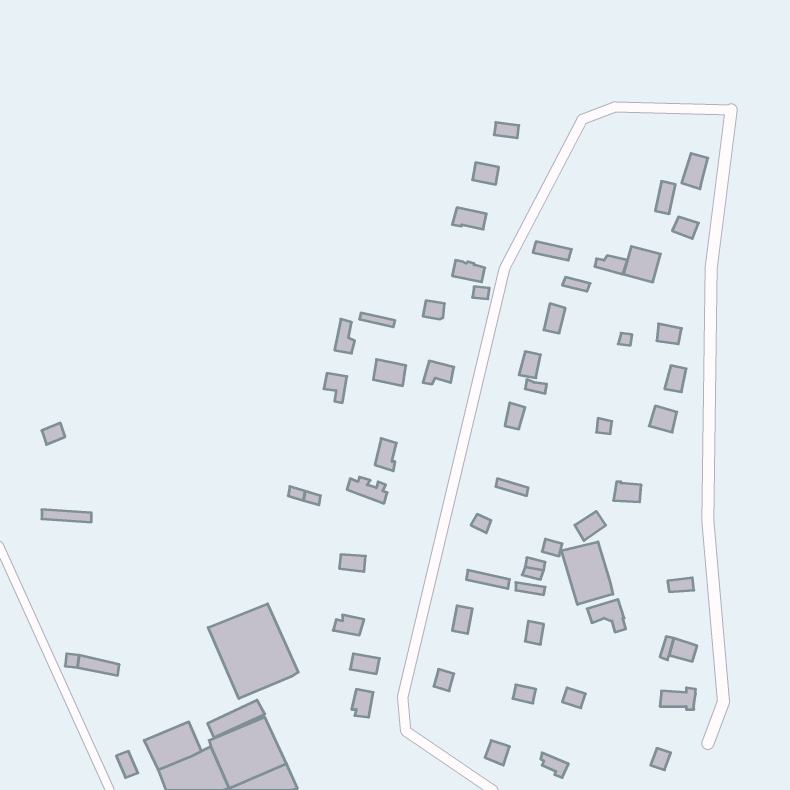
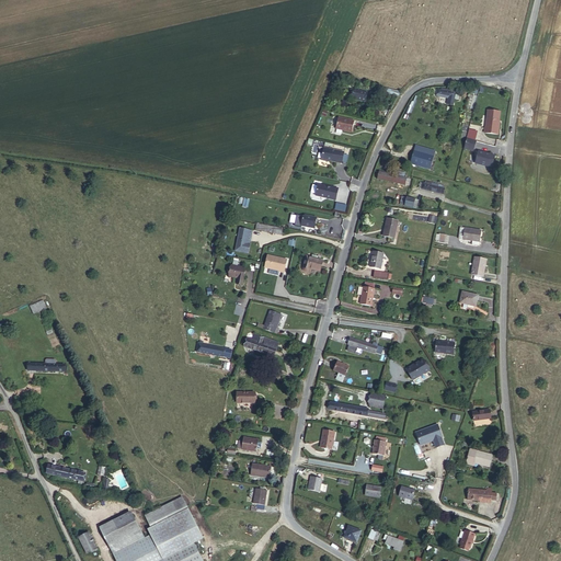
building: [623,246,661,282] -> [409,145,435,170]
building: [561,542,613,605] -> none
building: [208,604,298,699] -> none

